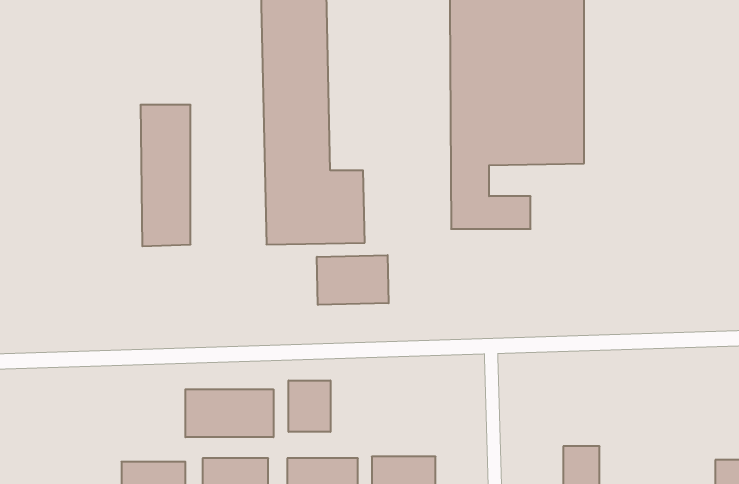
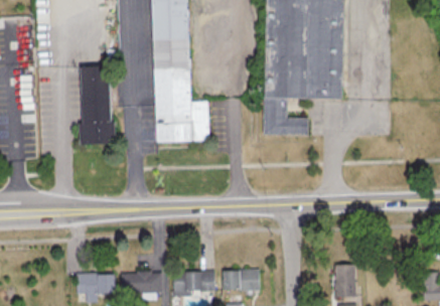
building: [317,255,389,305] -> none
building: [289,380,330,432] -> none
building: [185,389,273,437] -> none

